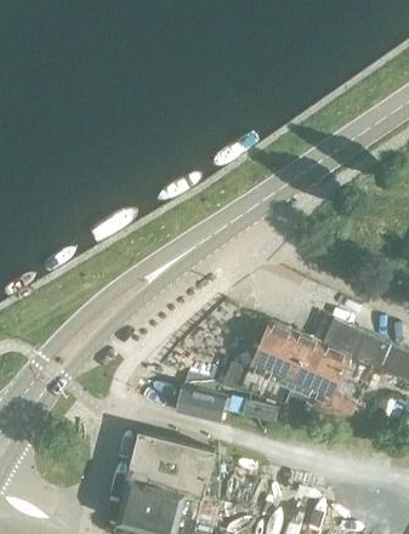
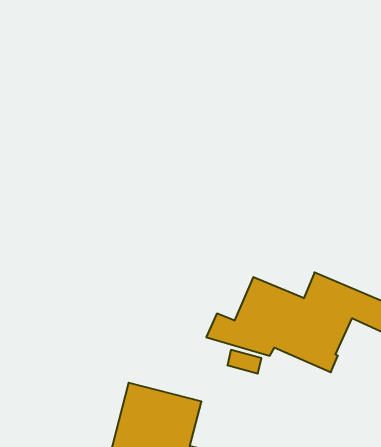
building: [176,386,223,419] -> none

